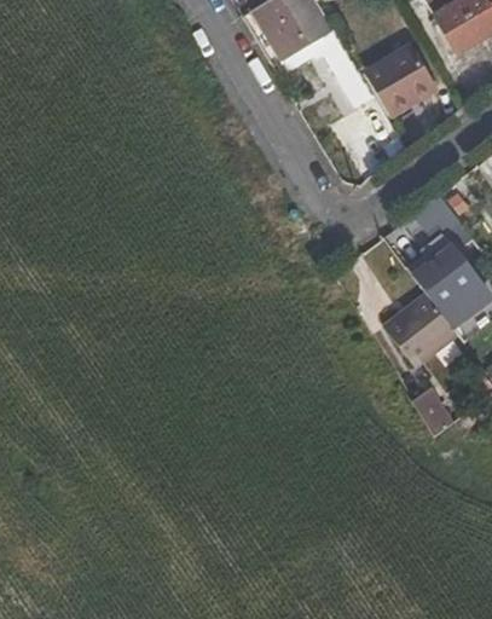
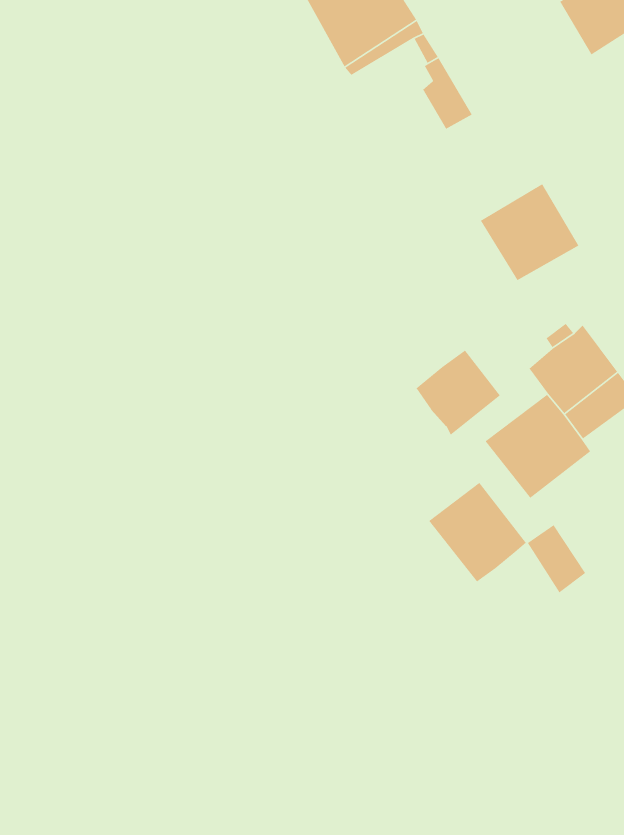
building: [365,44,436,114] -> [480,183,580,281]
building: none -> [415,349,501,436]
building: none -> [428,482,527,582]

